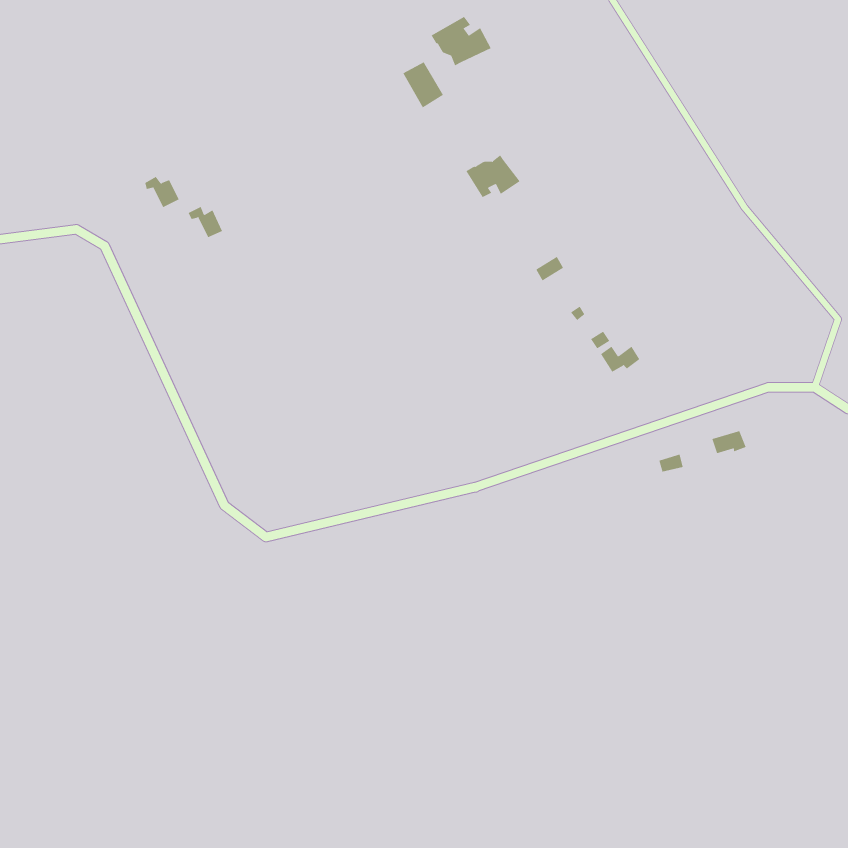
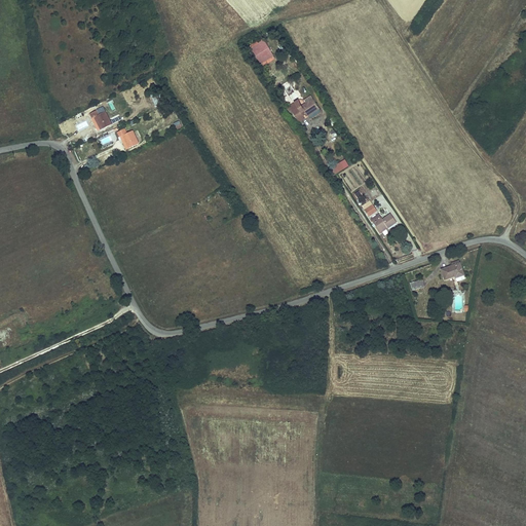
building: [431,16,491,66] -> none

